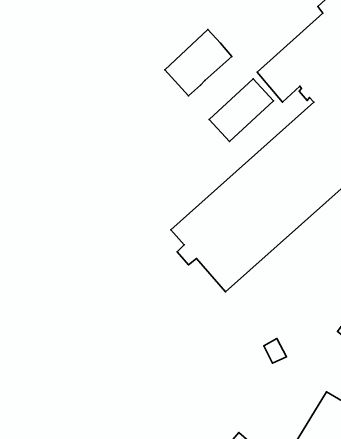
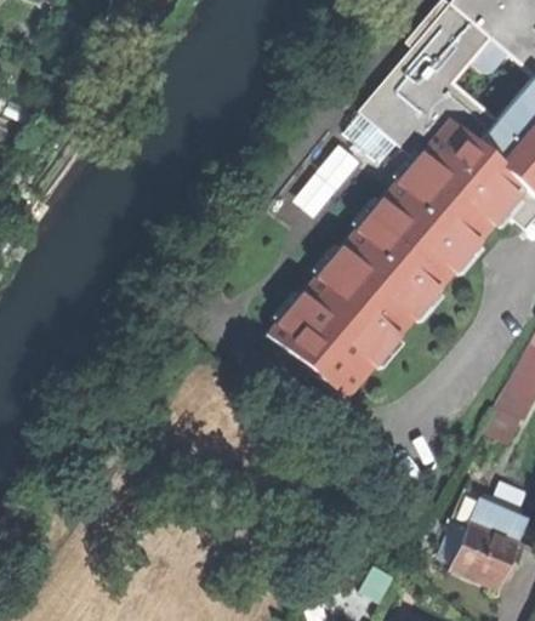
building: [165,29,232,96] -> none

